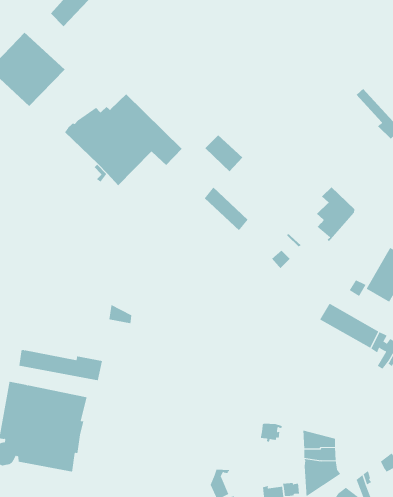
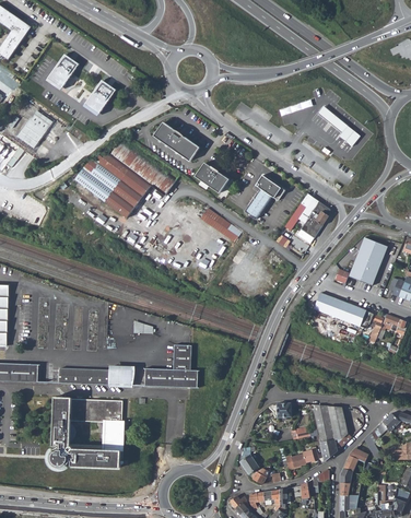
building: none -> [83,79,115,115]
building: none -> [152,121,198,160]
building: none -> [244,174,283,217]
building: none -> [148,344,200,388]

